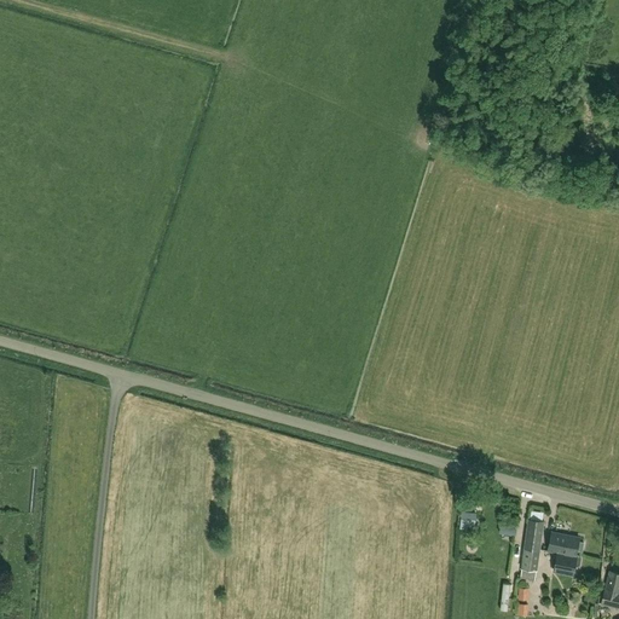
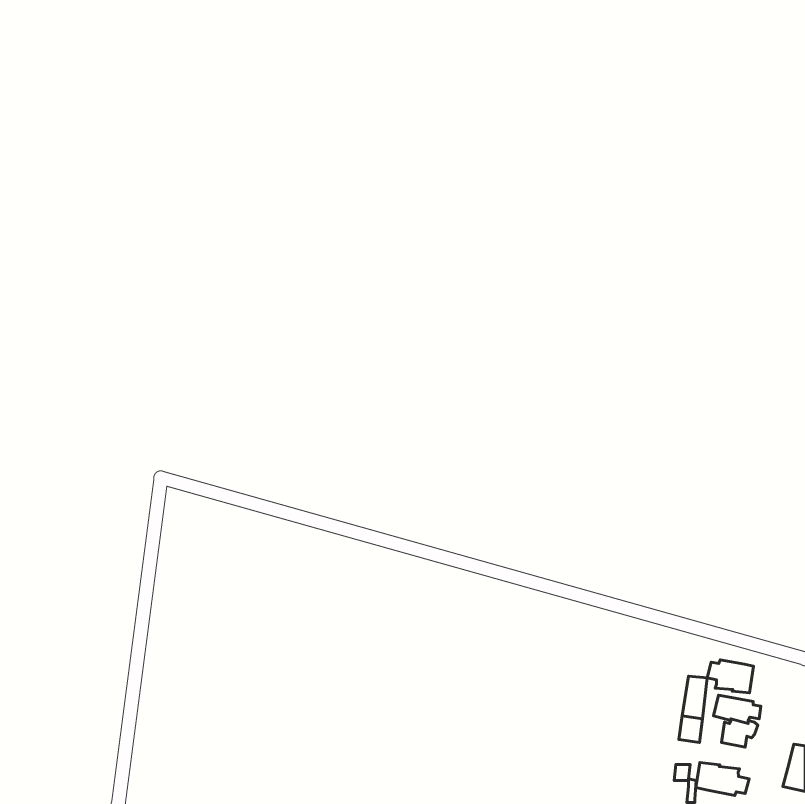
building: none -> [707,660,754,693]
building: none -> [696,762,749,795]

